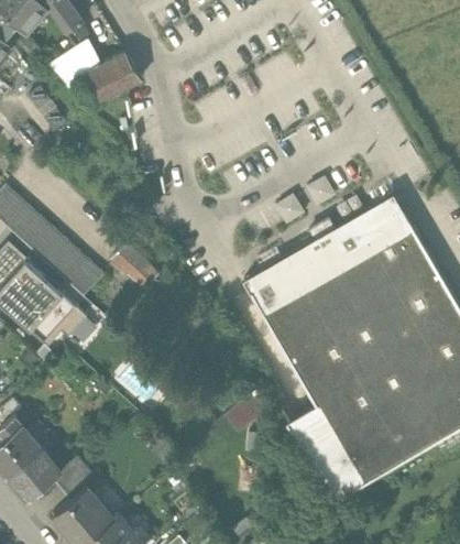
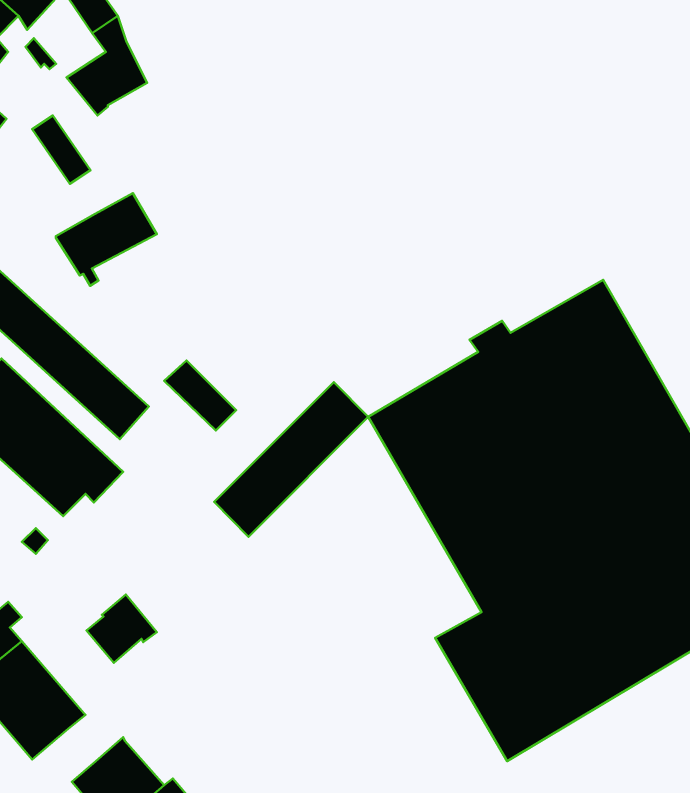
building: [76,54,141,113] -> [56,193,157,286]
building: none -> [214,382,368,537]
building: [51,459,96,503] -> [87,594,157,663]

